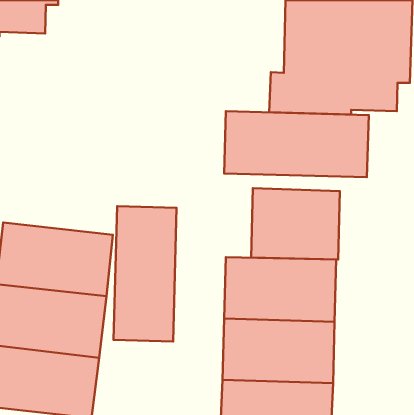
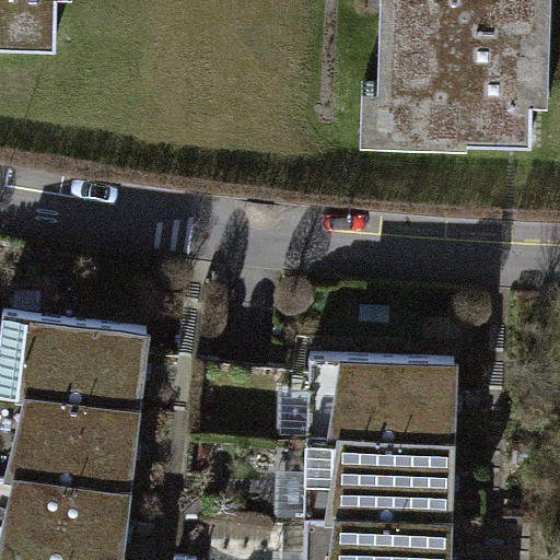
building: [224,111,369,177] -> none
building: [251,188,340,259] -> none
building: [114,206,177,341] -> none

